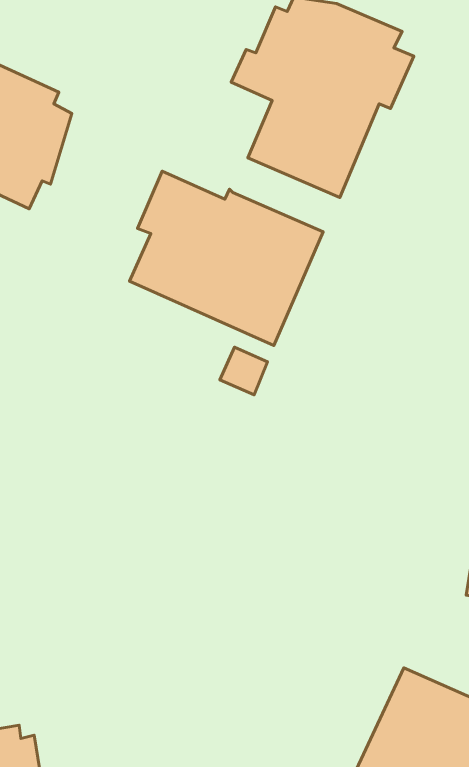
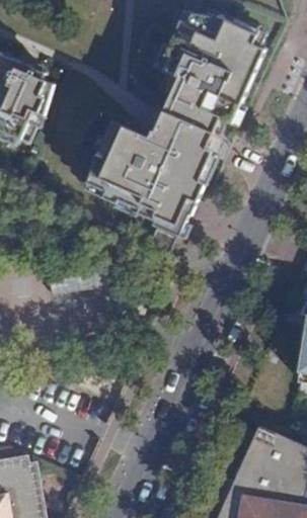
building: none -> [154,112,220,158]

